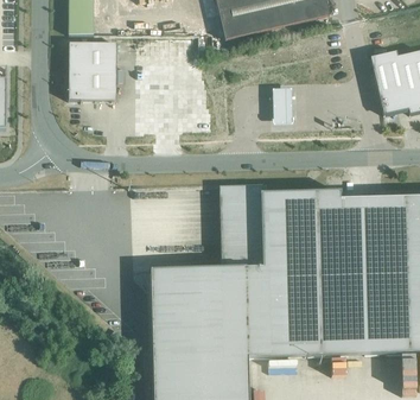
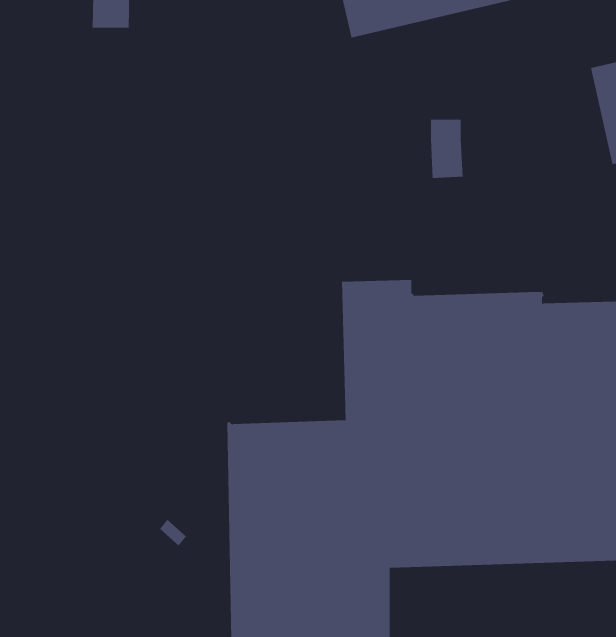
building: [66,42,116,101] -> none

